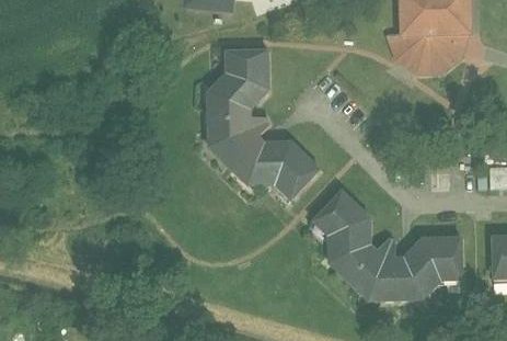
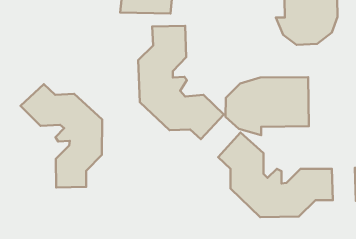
building: none -> [226,77,309,135]
building: none -> [20,84,102,188]

